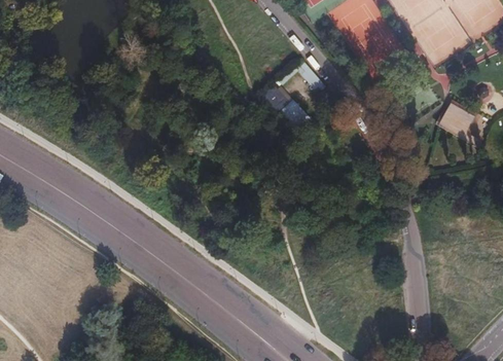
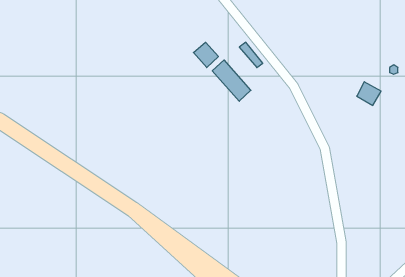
building: none -> [193,42,218,68]

